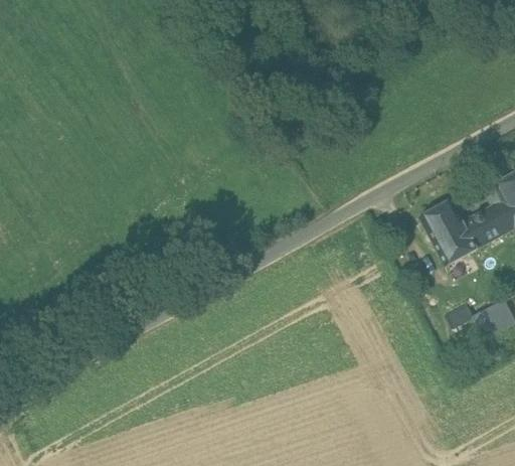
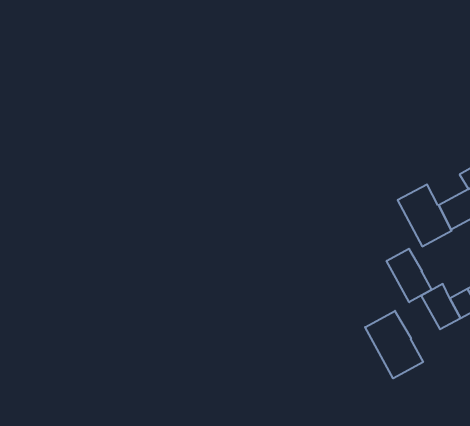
building: none -> [387,249,432,302]
building: none -> [365,311,423,378]

